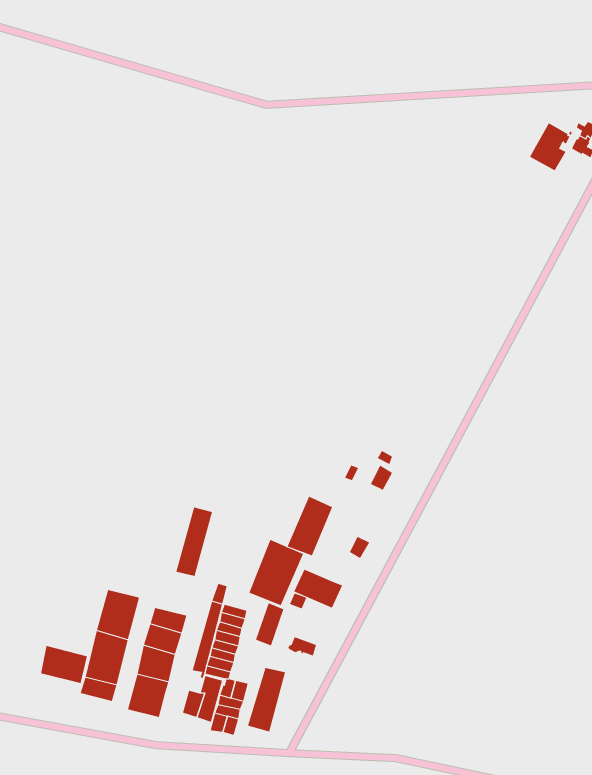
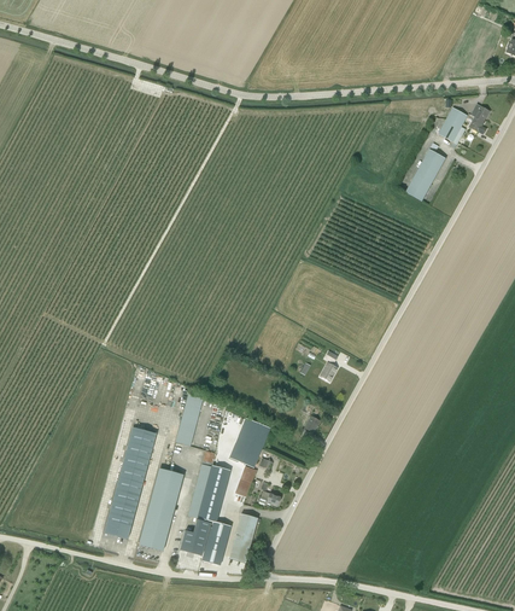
building: none -> [405,142,445,200]
building: [287,496,333,556] -> none
building: none -> [124,427,156,461]
building: [294,569,343,608] -> none
building: [40,645,88,684] -> none

